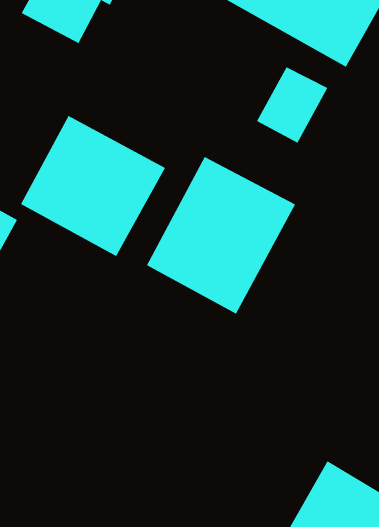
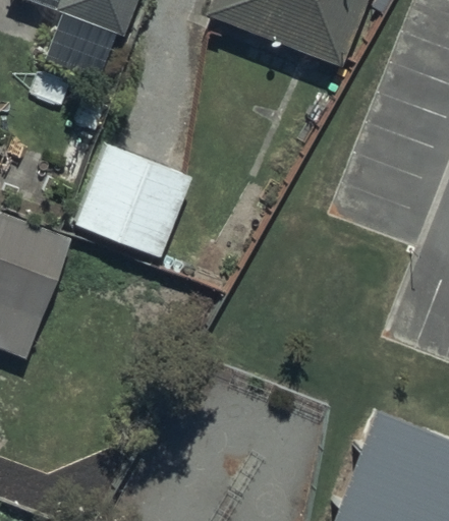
building: [146,156,296,314] -> none

